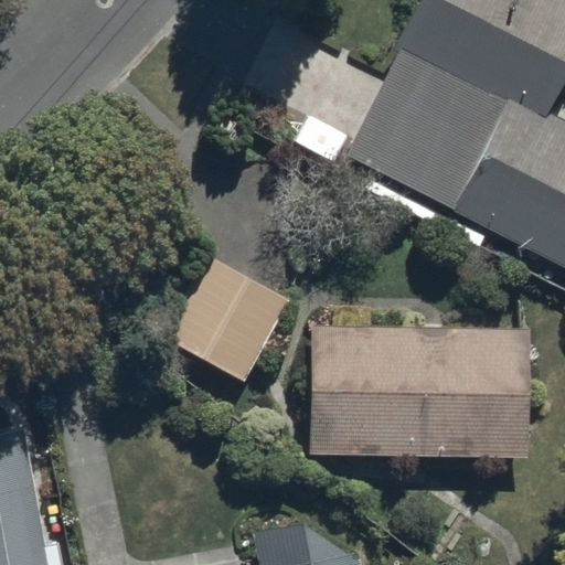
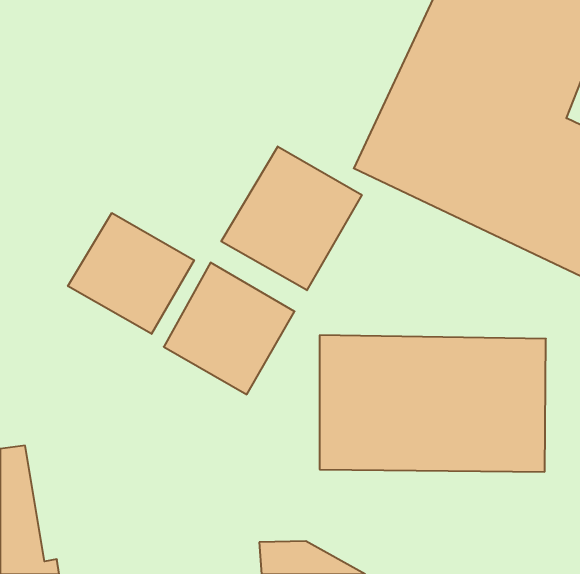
building: none -> [221,146,362,290]
building: none -> [68,213,194,334]

